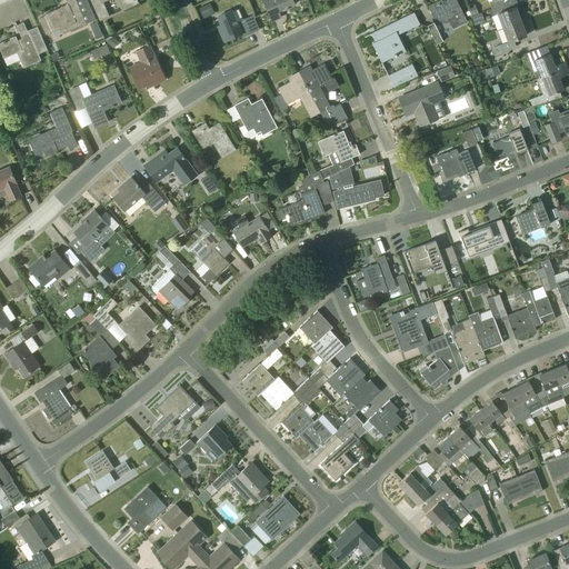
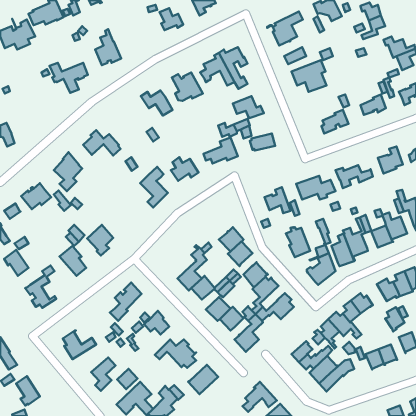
building: [28,107,78,160] -> none
building: [143,150,197,183] -> none
building: [156,246,196,310] -> none
building: [500,388,527,421] -> [385,307,405,332]

